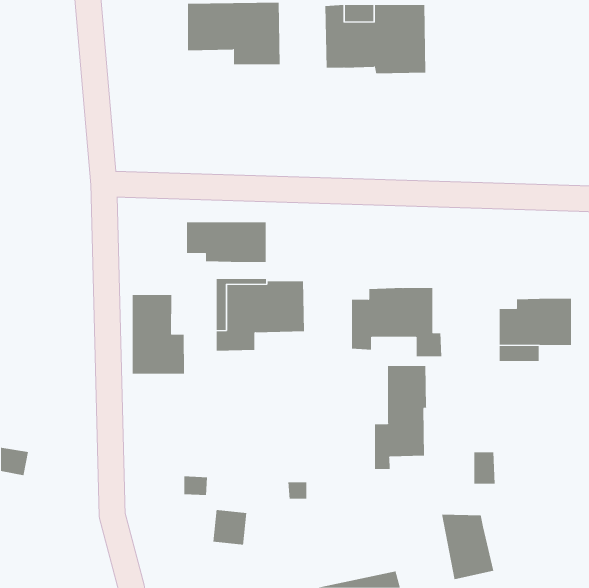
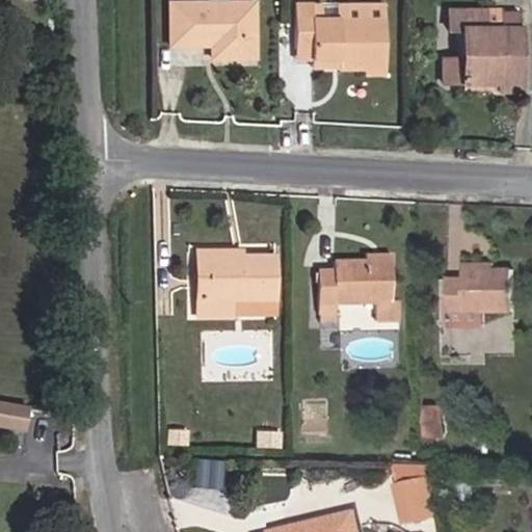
building: none -> [443,9,520,91]
building: [186,222,266,263] -> none
building: [132,294,185,375] -> none
building: [374,365,428,470] -> none

